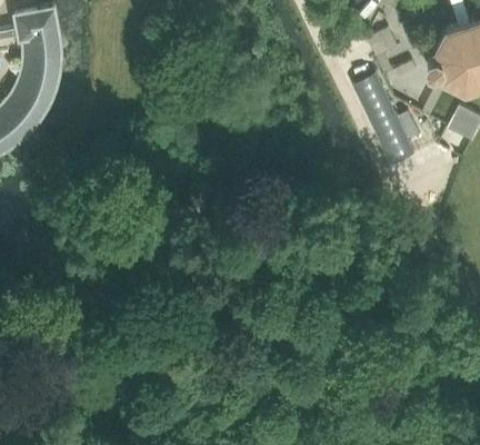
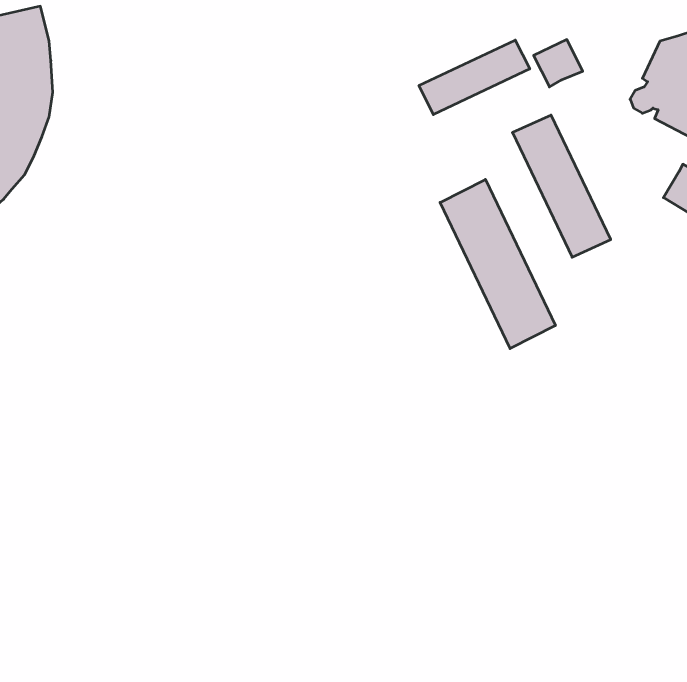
building: none -> [419,40,530,115]
building: none -> [440,179,555,349]

